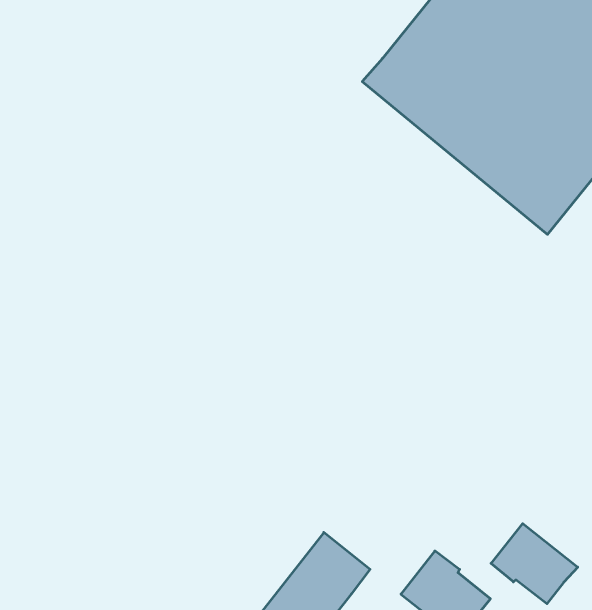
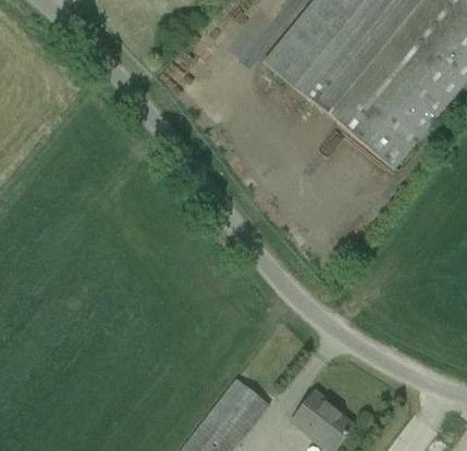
building: [491,524,578,604] -> none

